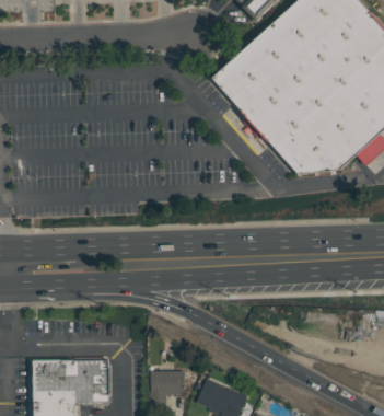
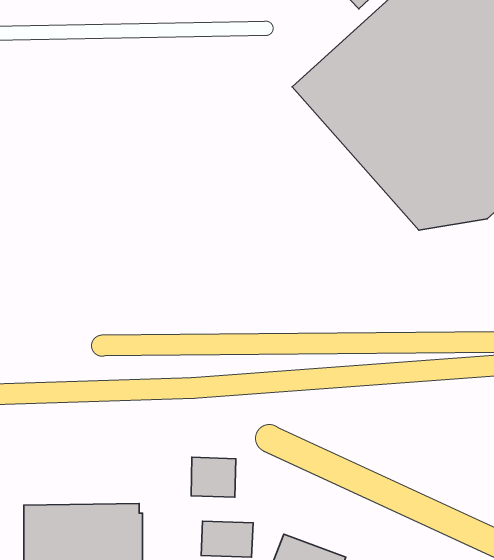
building: none -> [191,457,236,497]

